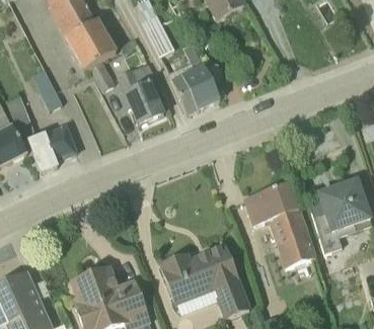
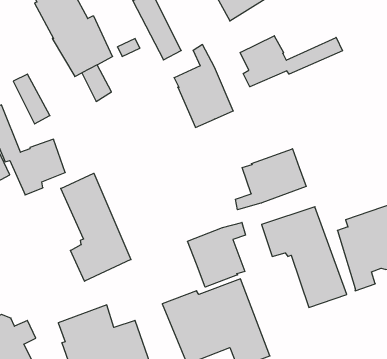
building: none -> [240,36,342,87]
building: [117,64,164,125] -> none
building: none -> [235,149,306,210]
building: none -> [61,173,131,281]
building: none -> [188,222,245,287]

